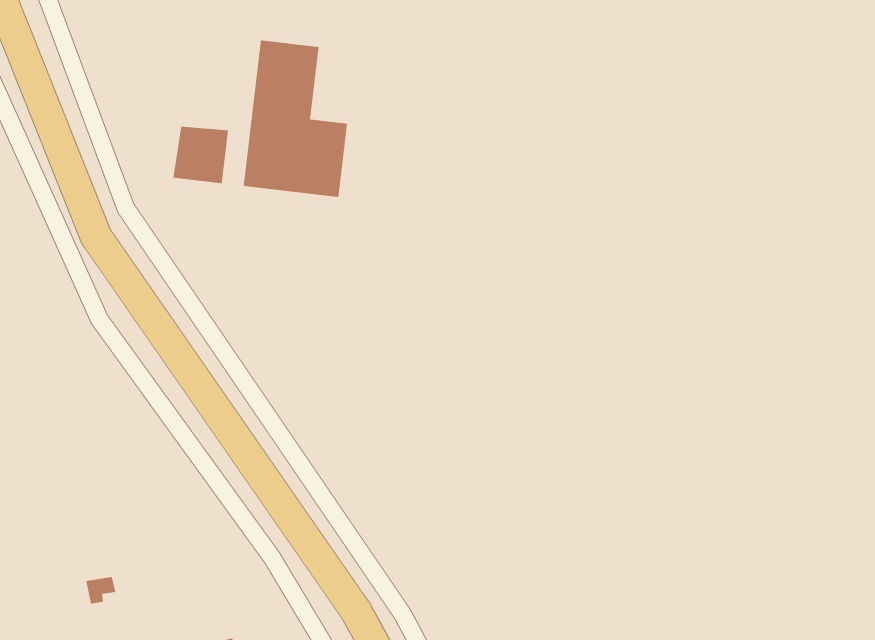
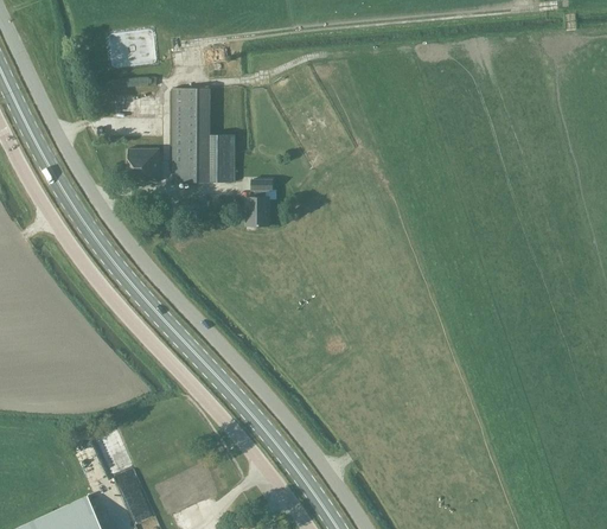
building: none -> [244,179,273,227]

